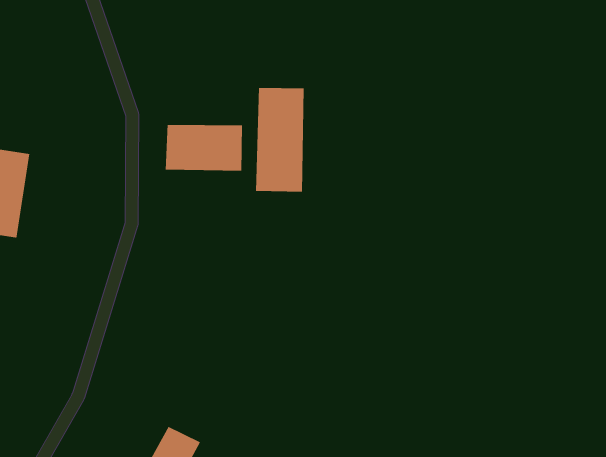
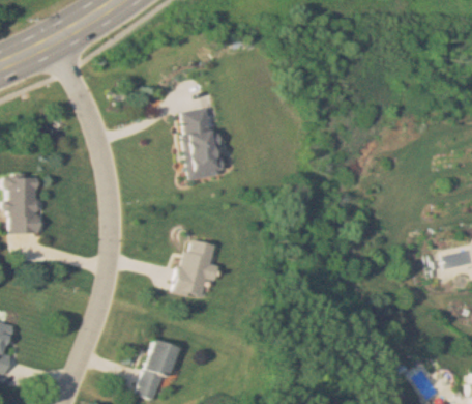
building: [165,124,242,172] -> none
building: none -> [175,239,216,299]

